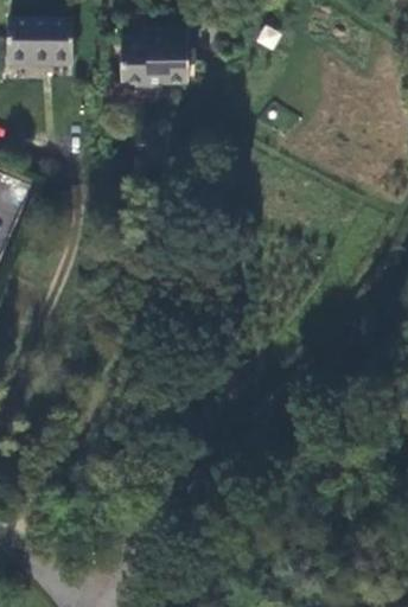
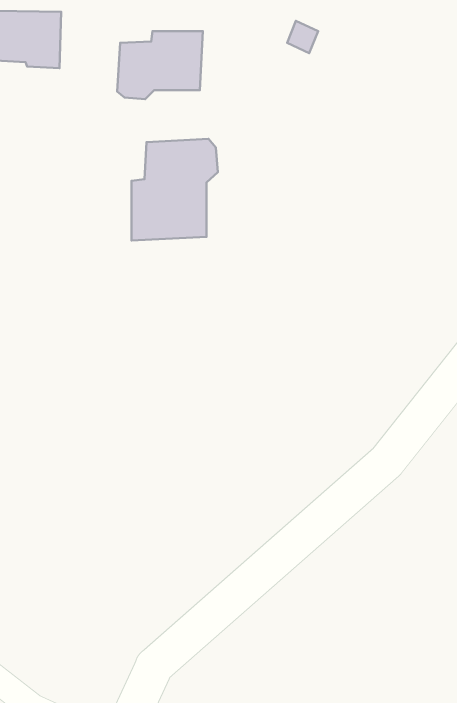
building: none -> [131,139,218,240]

